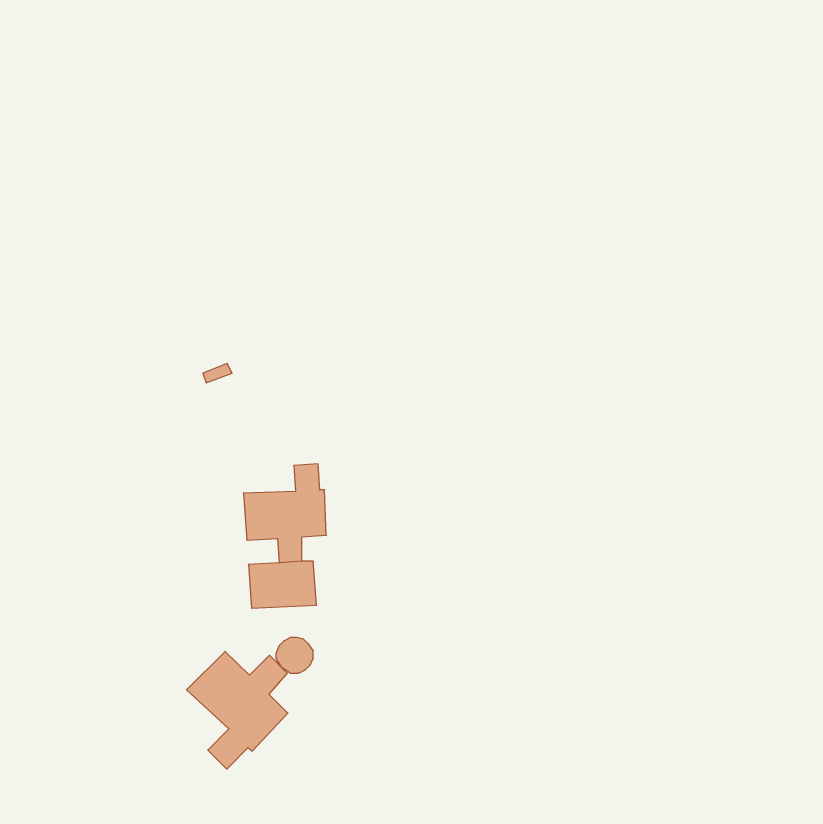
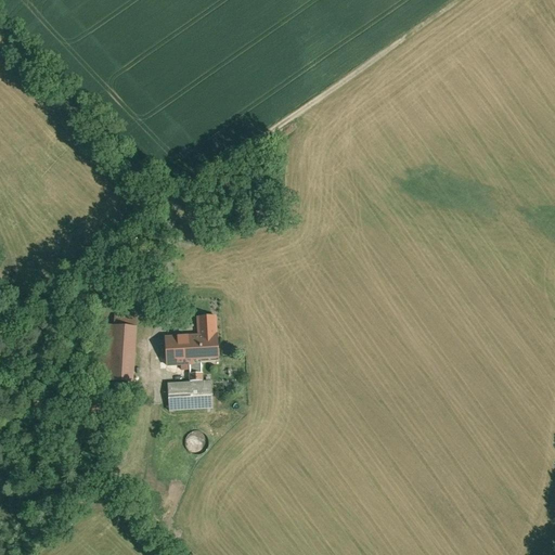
building: none -> [105,323,135,379]
building: [187,651,288,769] -> none

